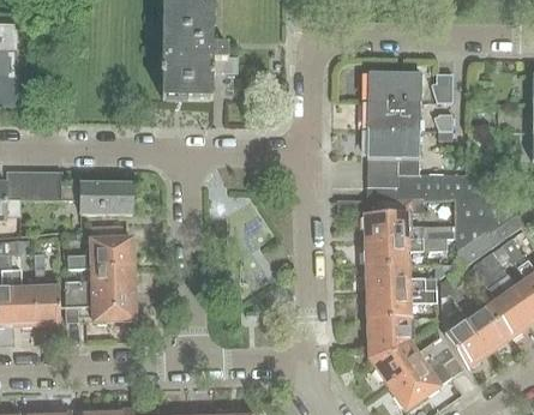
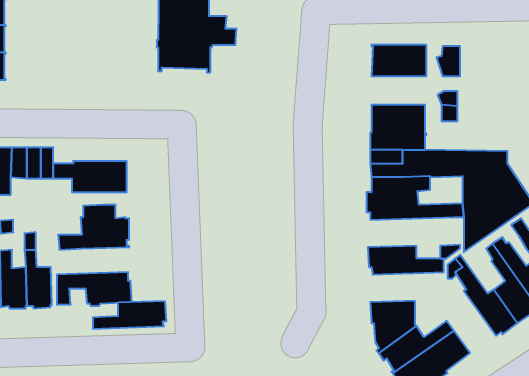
building: [367,102,419,130] -> none
building: [364,237,446,266] -> none
building: [65,266,136,293] -> [93,301,166,329]
building: [365,290,437,319] -> none
building: [444,308,487,367] -> none

